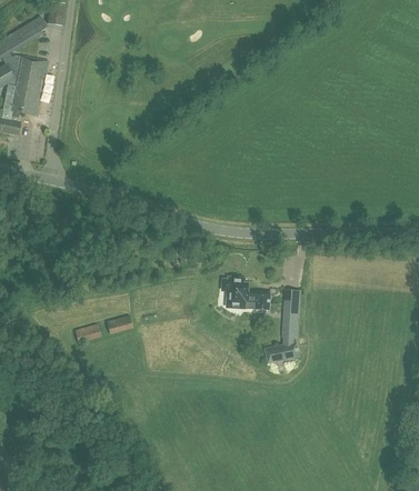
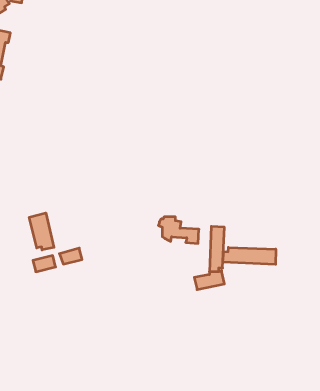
building: none -> [29,213,54,250]
building: none -> [223,247,276,264]

